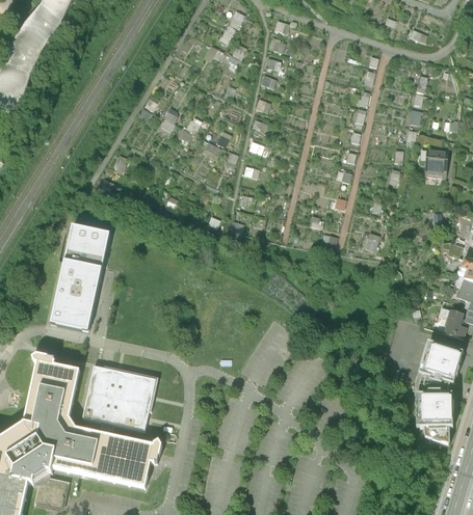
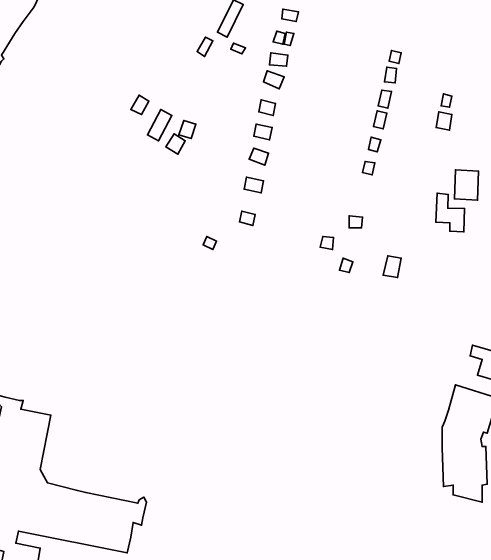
building: none -> [436,193,465,232]
building: [46,225,107,333] -> none
building: [82,365,157,434] -> none

